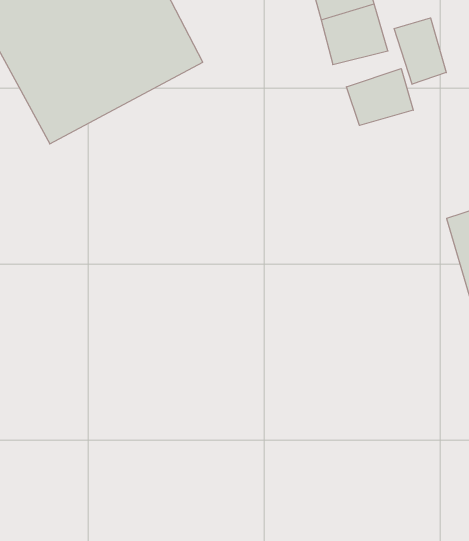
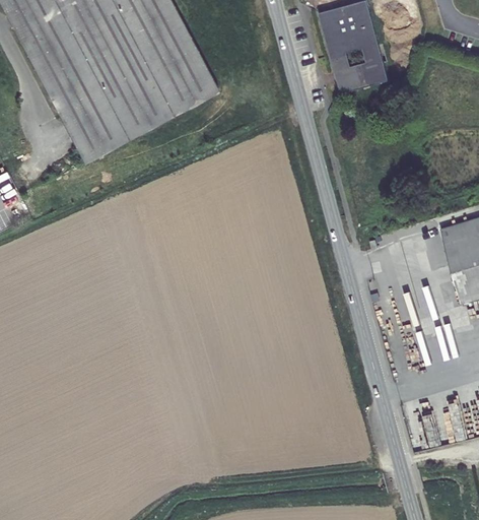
building: [394,18,446,84] -> none
building: [346,69,413,125] -> none

